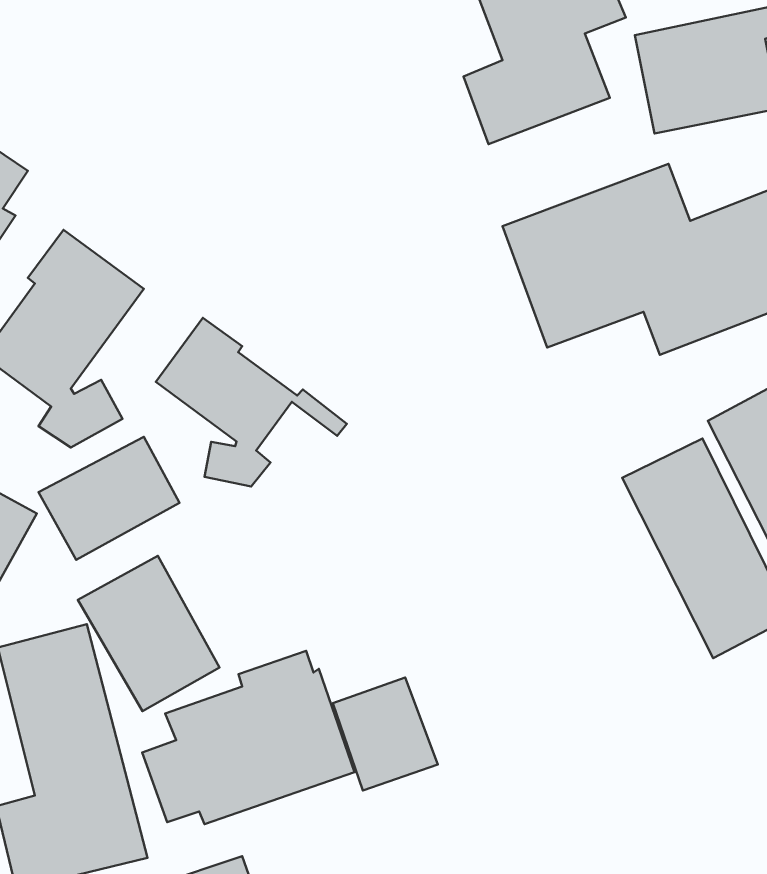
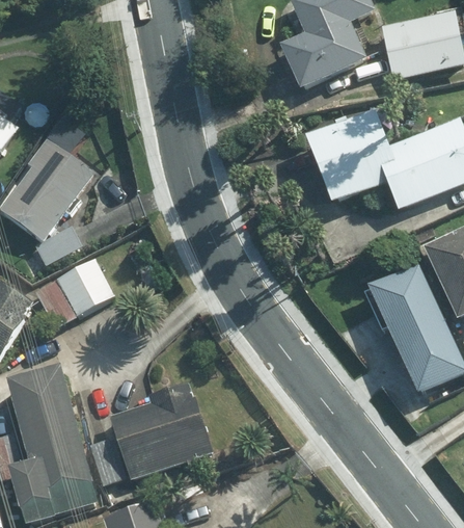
building: [156,318,347,487] -> none
building: [78,556,220,711] -> none
building: [333,678,438,790] -> none

